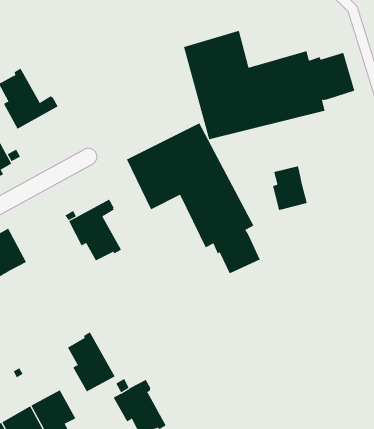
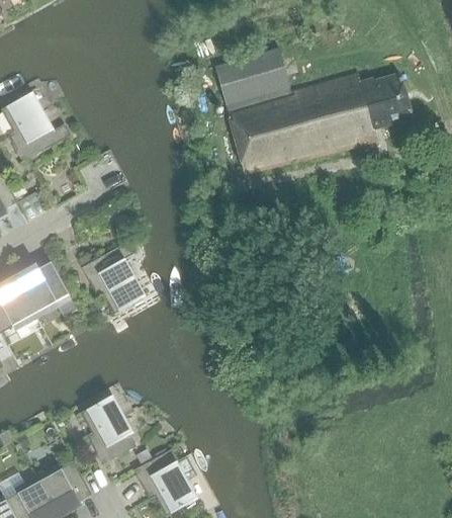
building: [126,123,260,274] -> none
building: [272,165,308,211] -> none
building: none -> [14,261,70,314]

